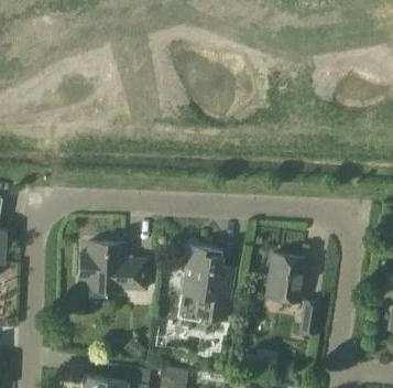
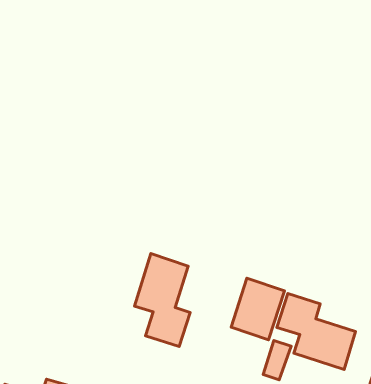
building: [78,241,146,290] -> none
building: none -> [277,293,356,369]

